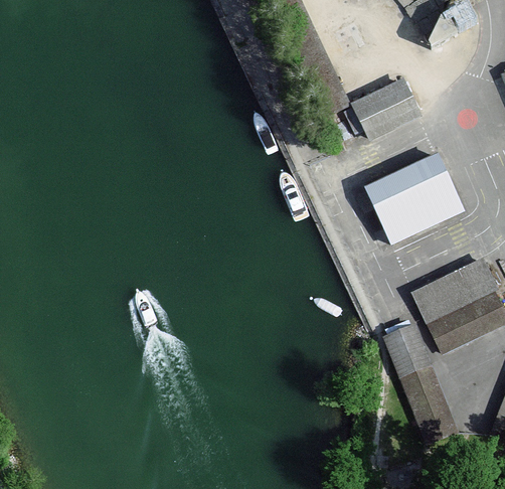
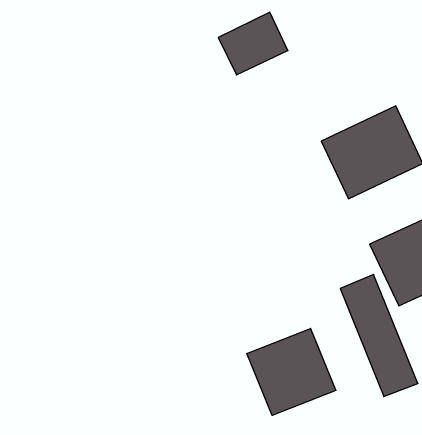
building: [351,76,420,139] -> [218,12,288,75]
building: none -> [247,328,336,415]

